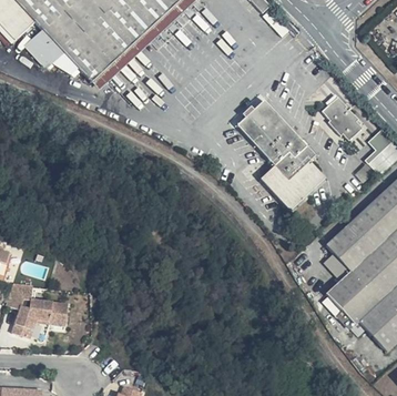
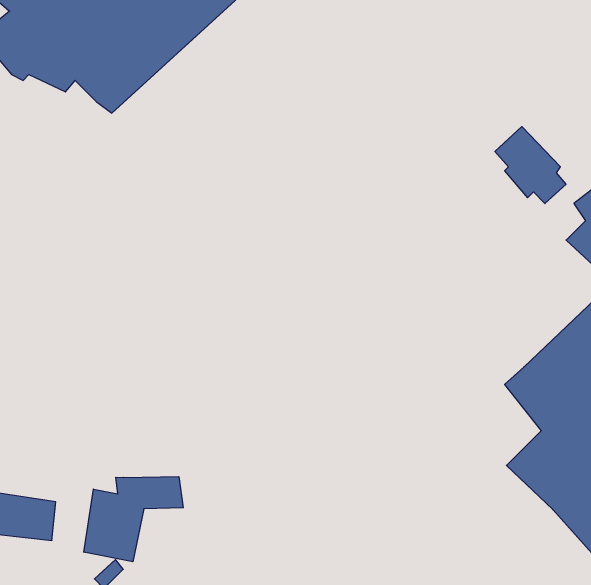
building: [237,100,325,209] -> none
building: none -> [84,477,183,562]

